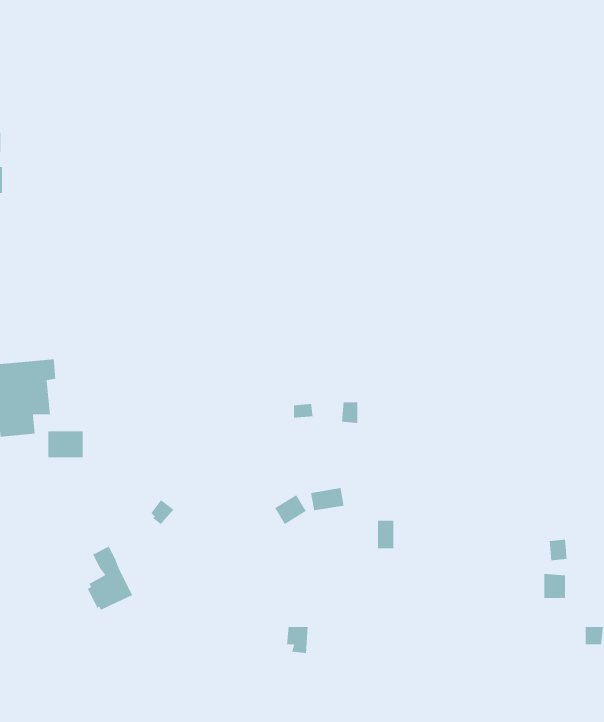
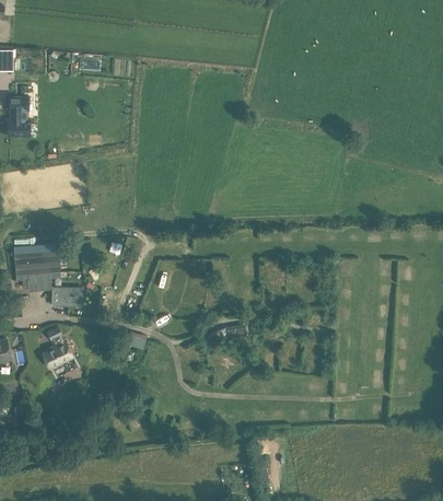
building: [87,546,133,611] -> [43,326,72,368]

